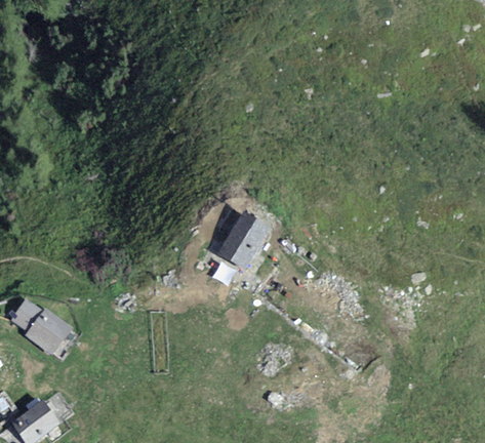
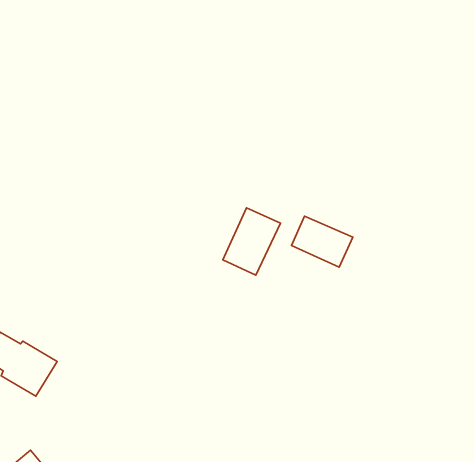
building: none -> [292,216,353,267]

